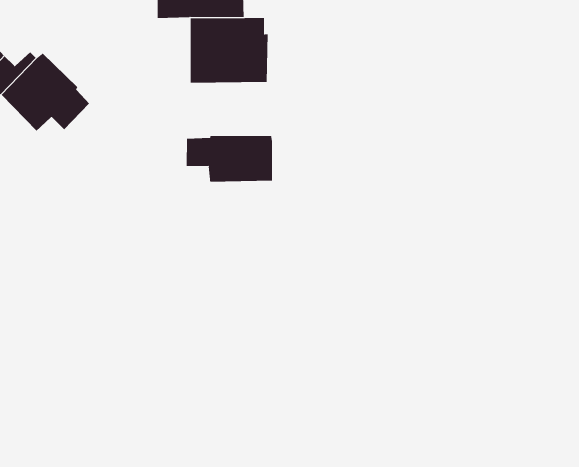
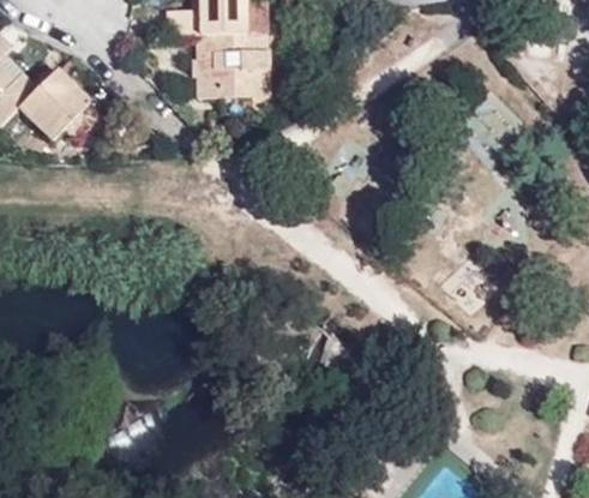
building: [186,135,273,183] -> none

